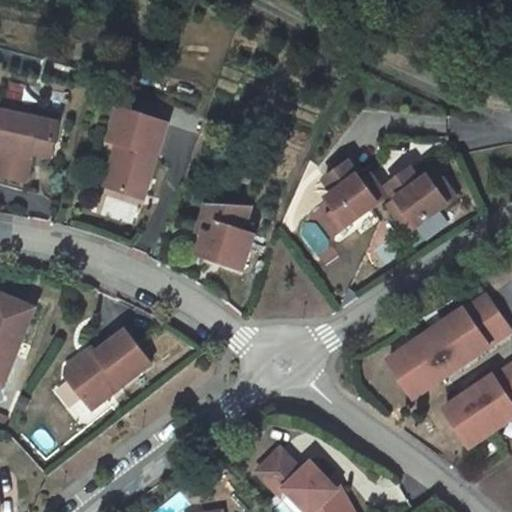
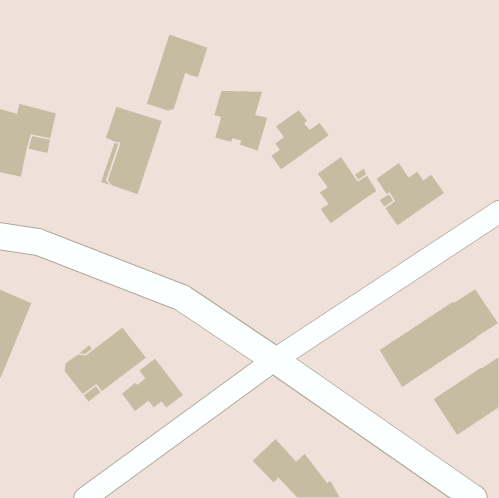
building: none -> [146,33,208,111]
building: none -> [270,109,330,170]
building: [197,207,253,270] -> [213,90,268,152]
building: none -> [121,357,184,412]

